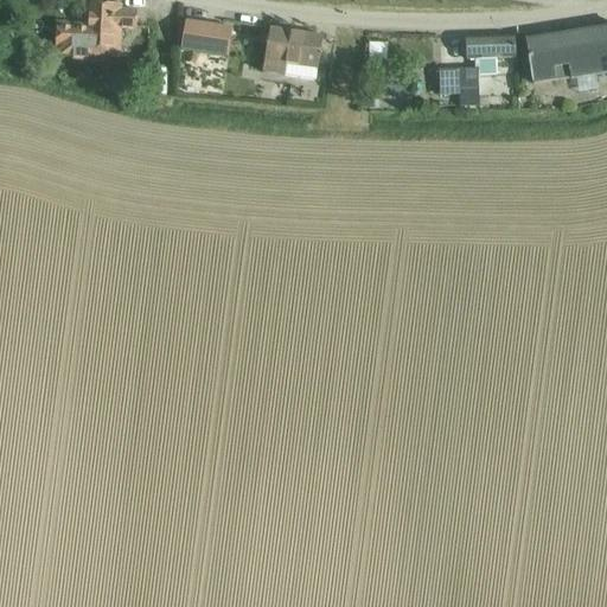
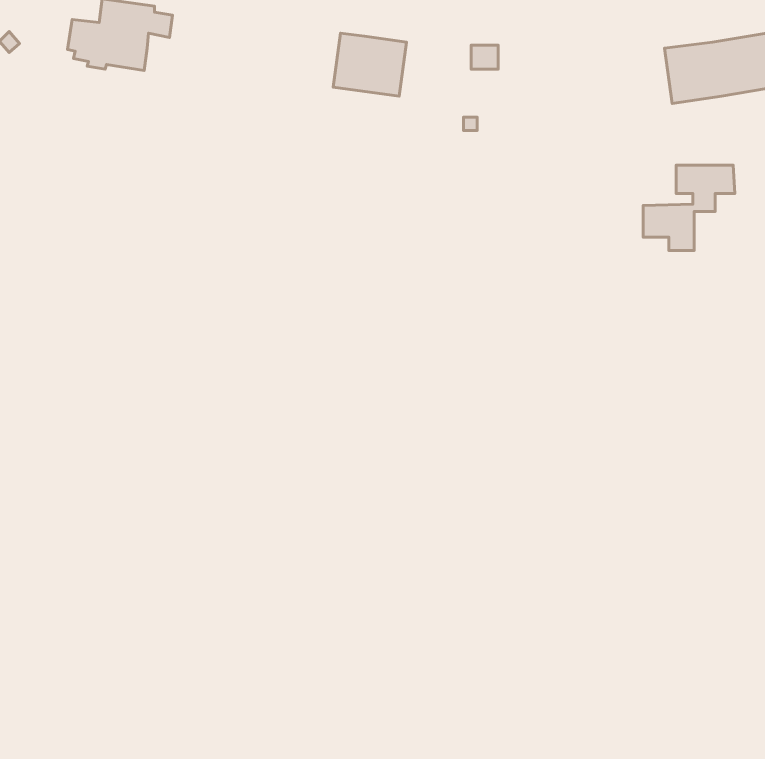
building: [183,17,231,50] -> none
building: [440,34,512,102] -> [643,165,735,251]

